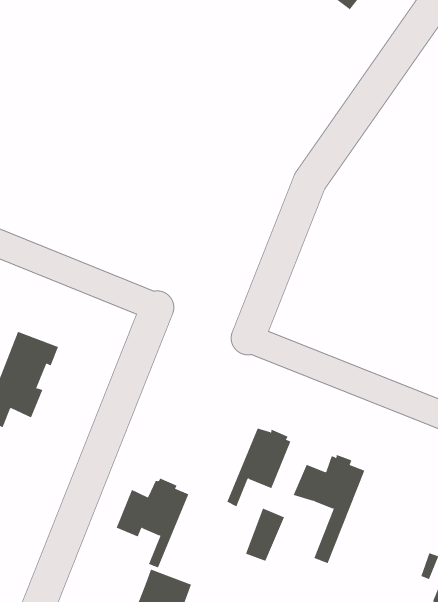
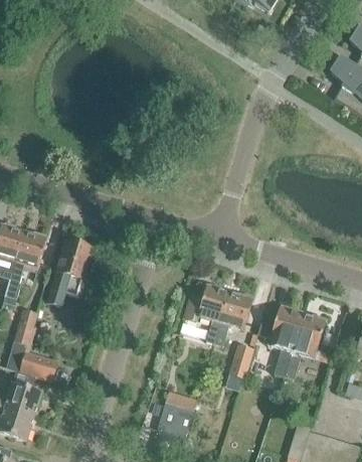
building: none -> [285,314,327,380]
building: [116,478,189,568] -> [184,283,230,342]

